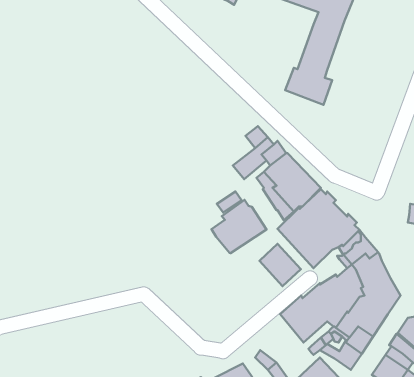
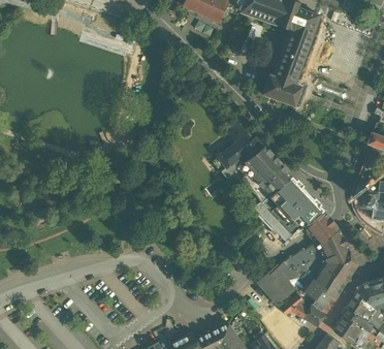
building: [211,200,266,253] -> none
building: [259,244,301,286] -> none

